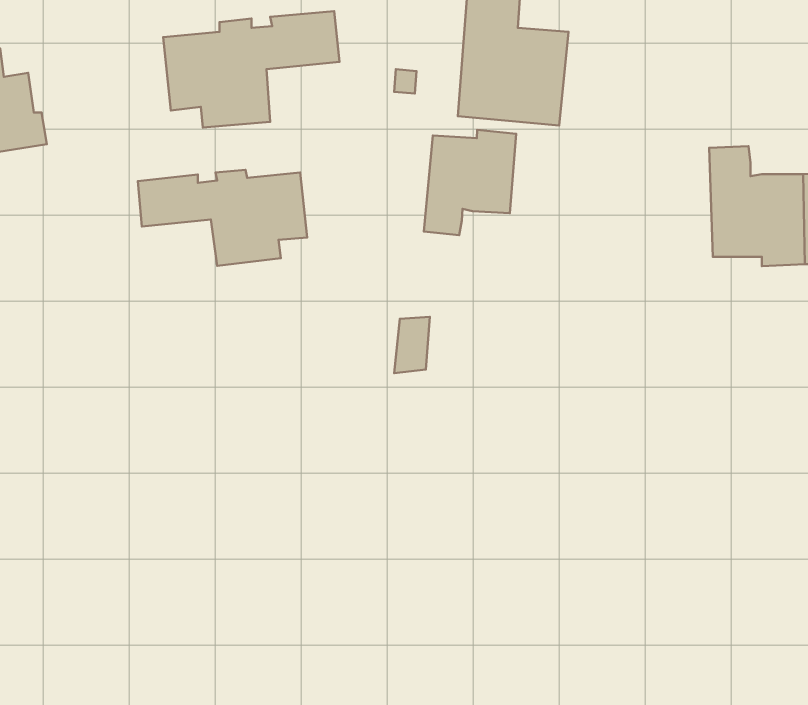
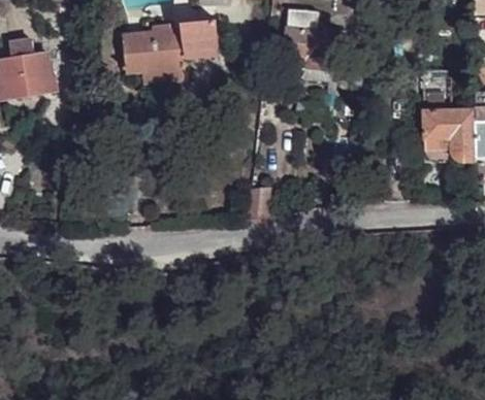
building: [424,130,516,235] -> none
building: [138,170,307,266] -> none

